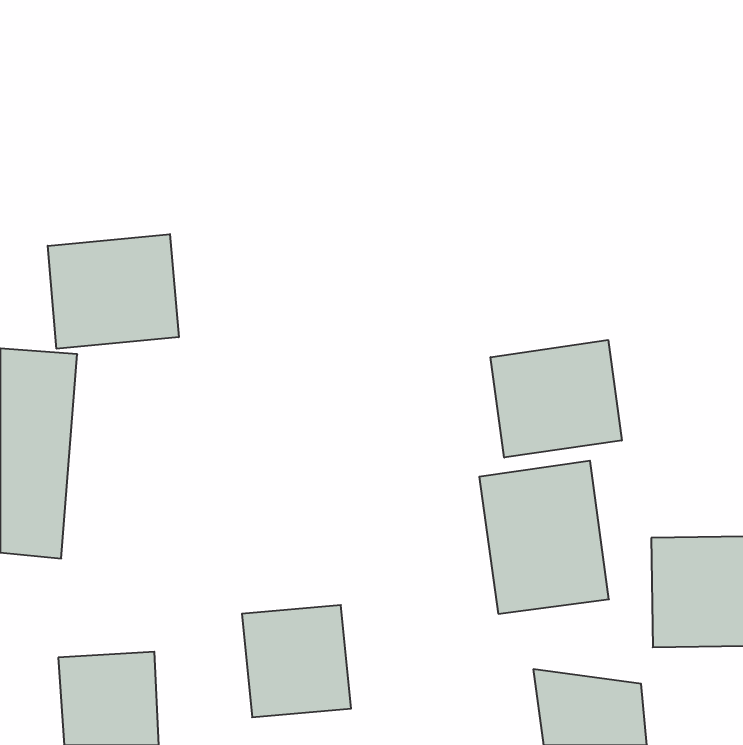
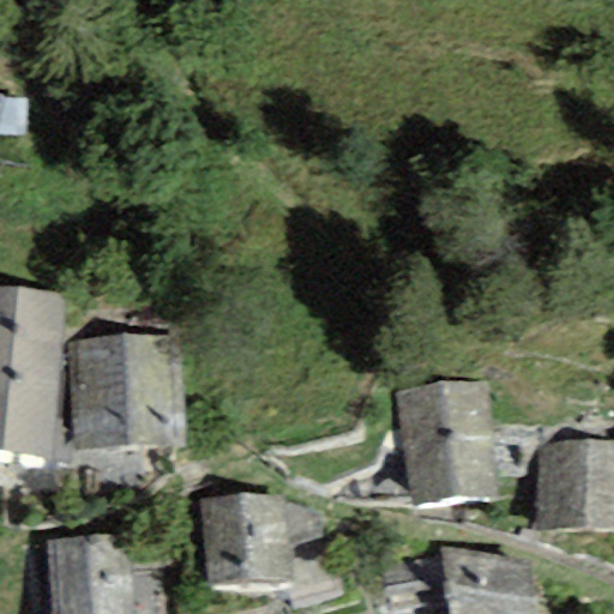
building: [48,234,179,349] -> none
building: [491,340,622,458] -> none
building: none -> [68,333,176,452]

